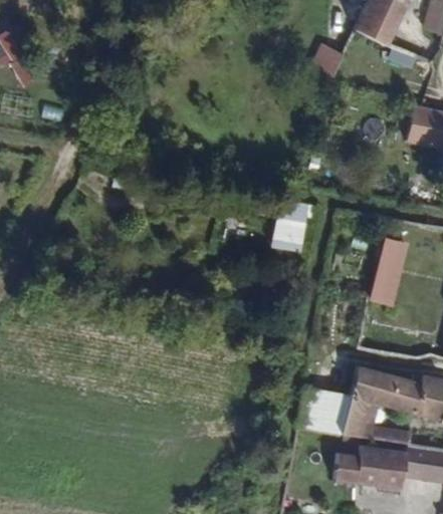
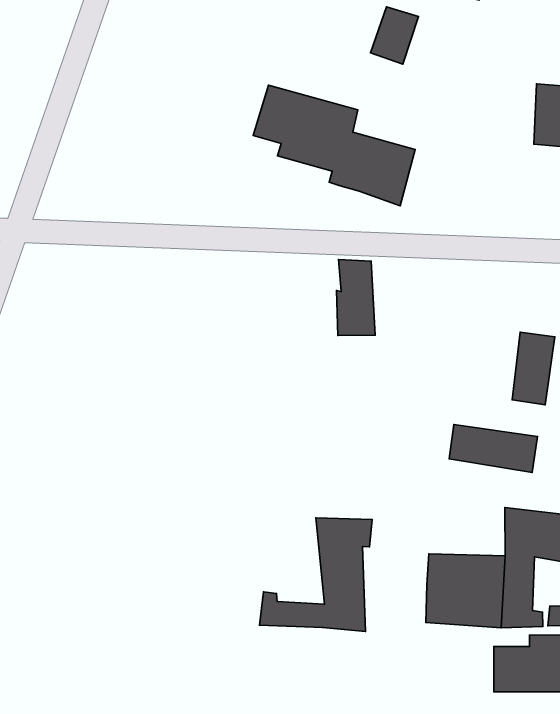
building: none -> [253,85,415,206]
building: none -> [449,424,538,472]
building: none -> [260,518,372,632]

